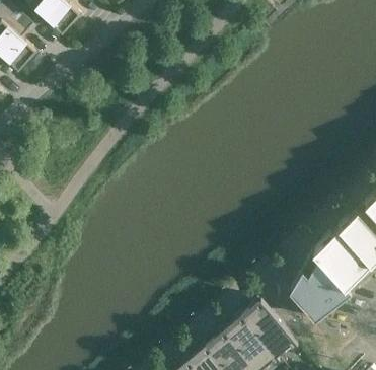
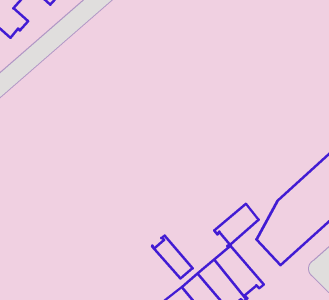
building: none -> [214,204,259,246]
building: none -> [152,236,193,278]

